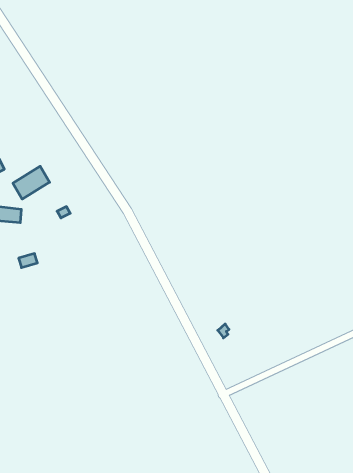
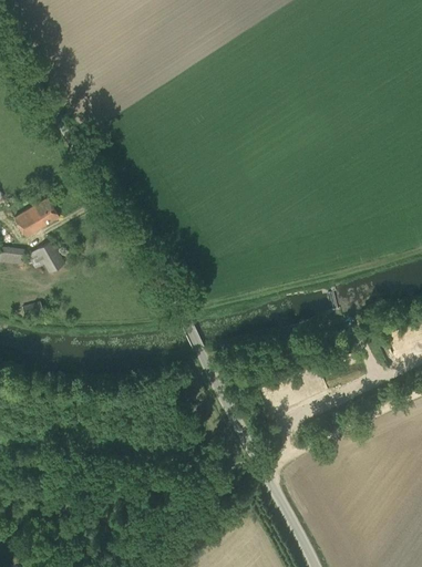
building: none -> [28,240,66,274]

